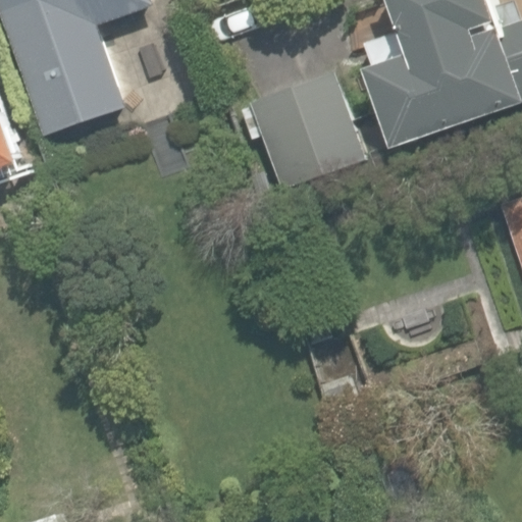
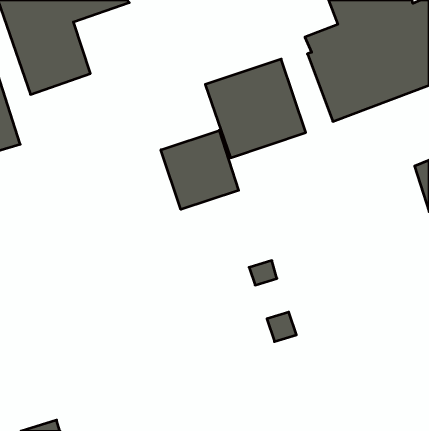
building: none -> [161,130,239,209]

